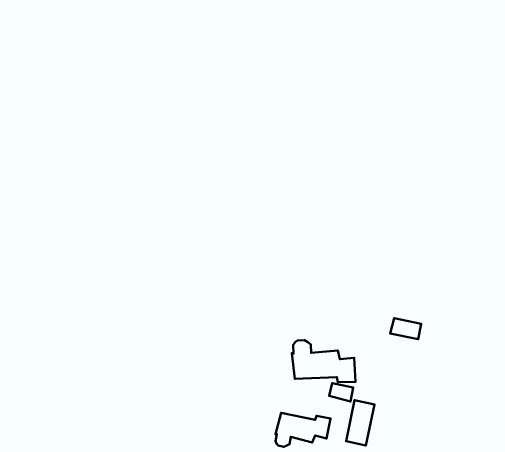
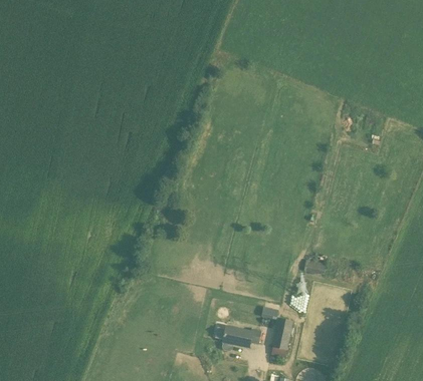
building: [292,340,355,382] -> none

